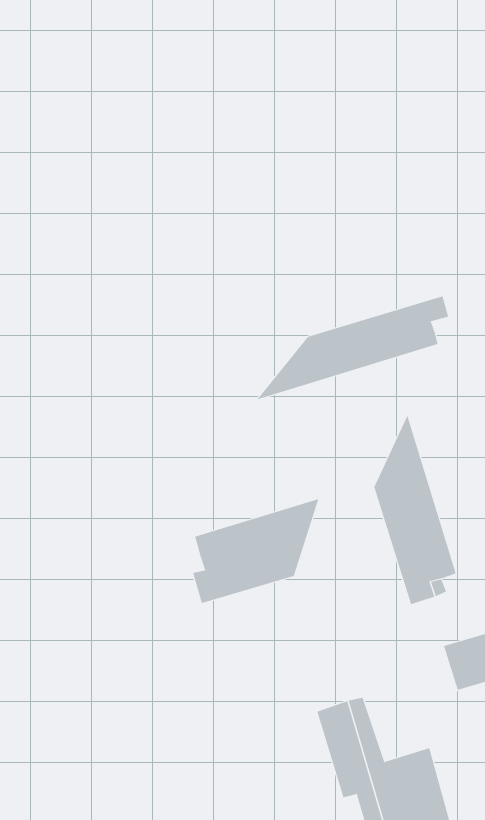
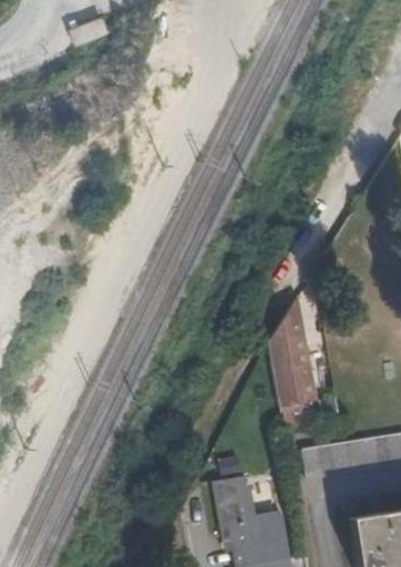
building: [256,296,449,401] -> none
building: [192,498,319,604] -> none

